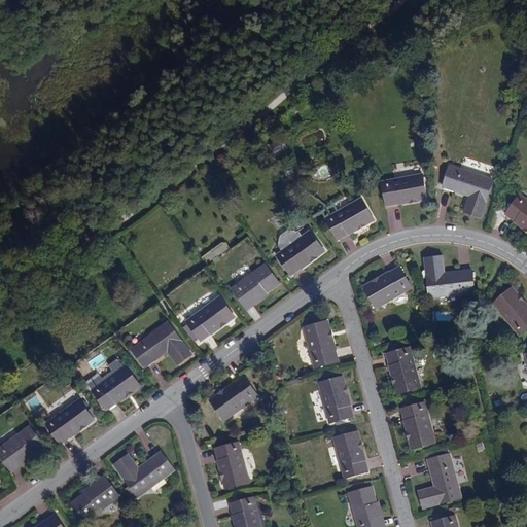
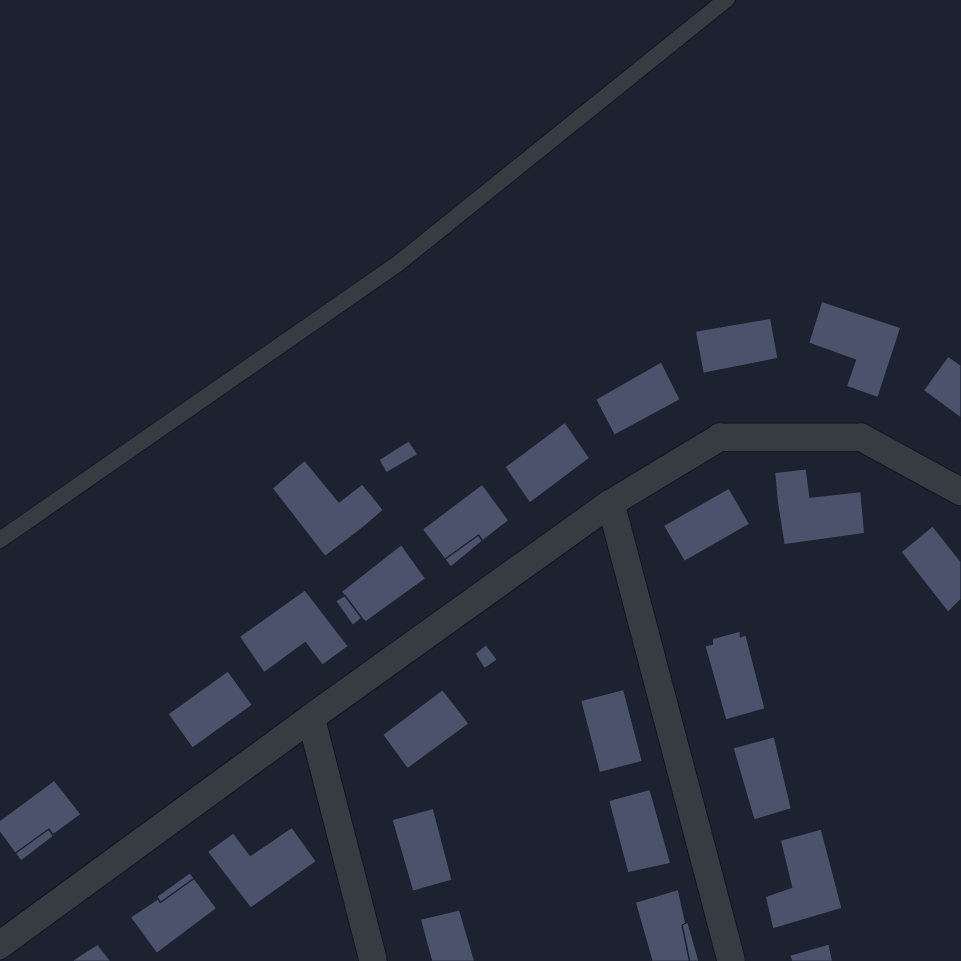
building: none -> [272,460,384,556]
building: [303,321,337,367] -> none
building: [45,399,93,443] -> none

